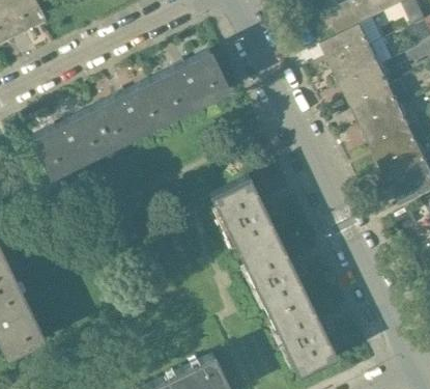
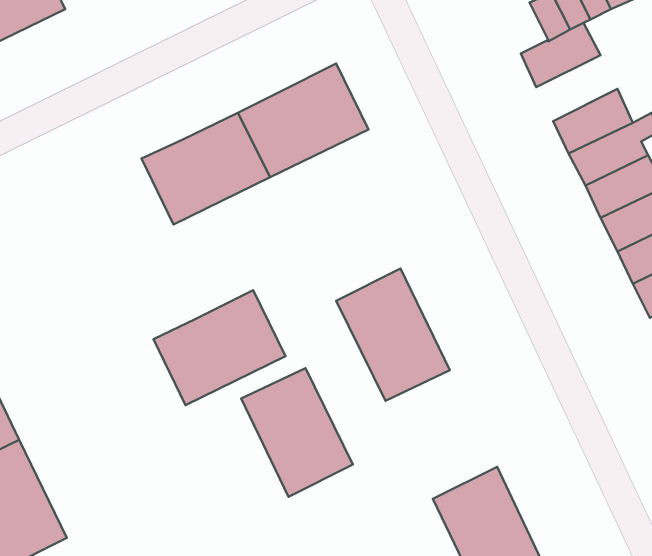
building: [333,47,382,87] -> none
building: [30,110,111,180] -> [153,290,286,405]
building: [240,240,309,318] -> [241,368,353,497]

